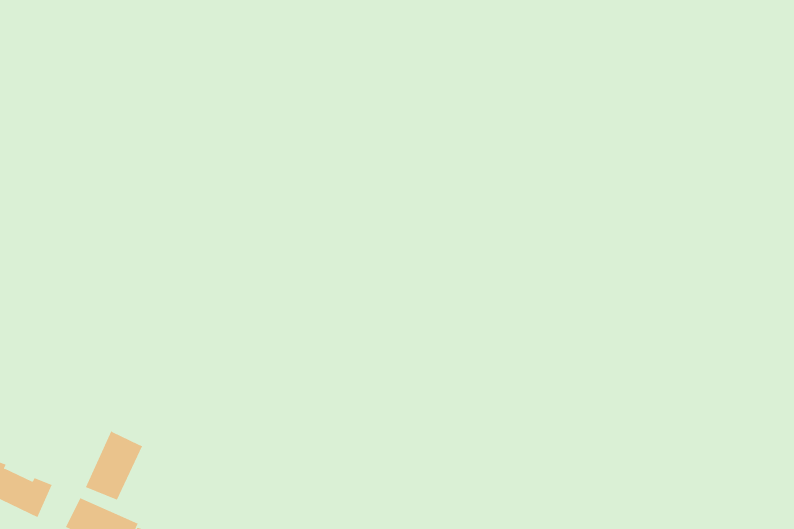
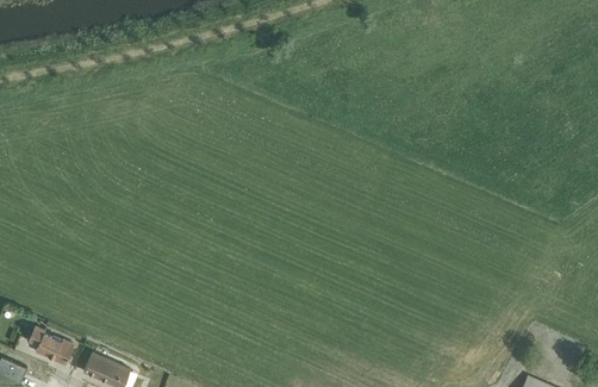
building: [85,430,143,501] -> none

